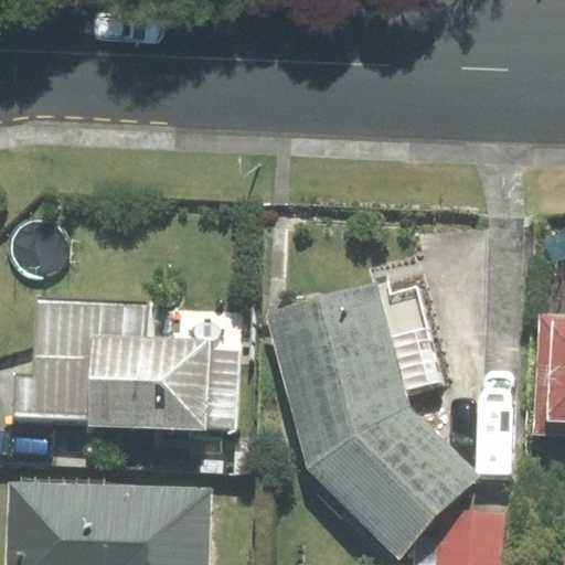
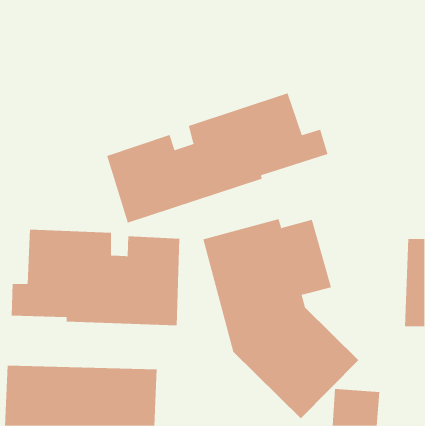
building: none -> [106,93,328,224]

